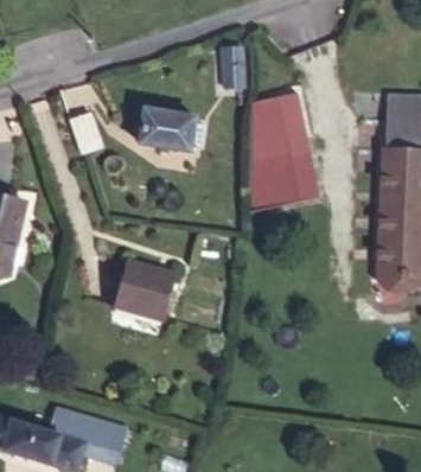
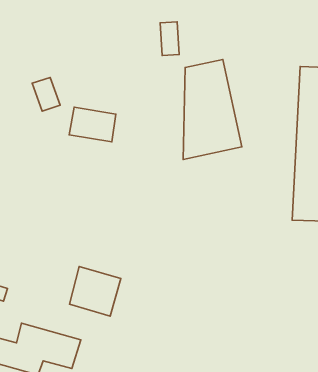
building: [139,109,194,151] -> [69,107,116,142]
building: [114,261,176,320] -> [69,266,121,316]

